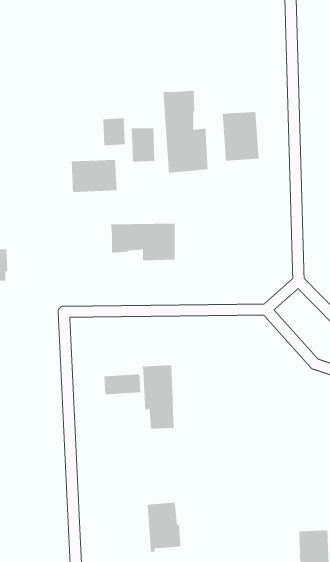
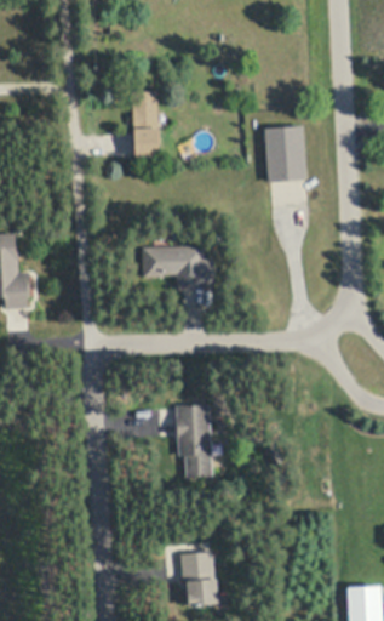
building: [163,90,208,173] -> none
building: [131,128,155,162] -> [131,91,157,129]
building: [71,159,117,193] -> none

